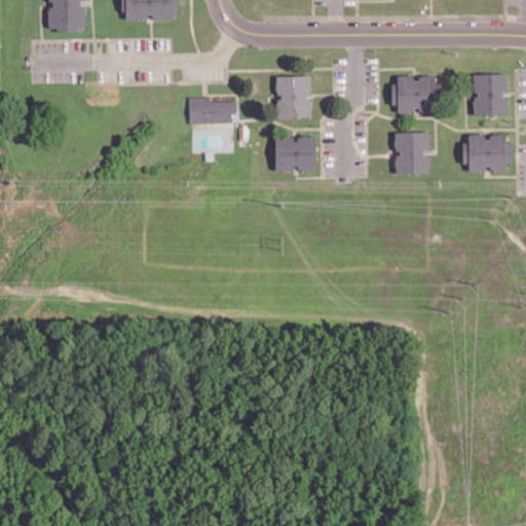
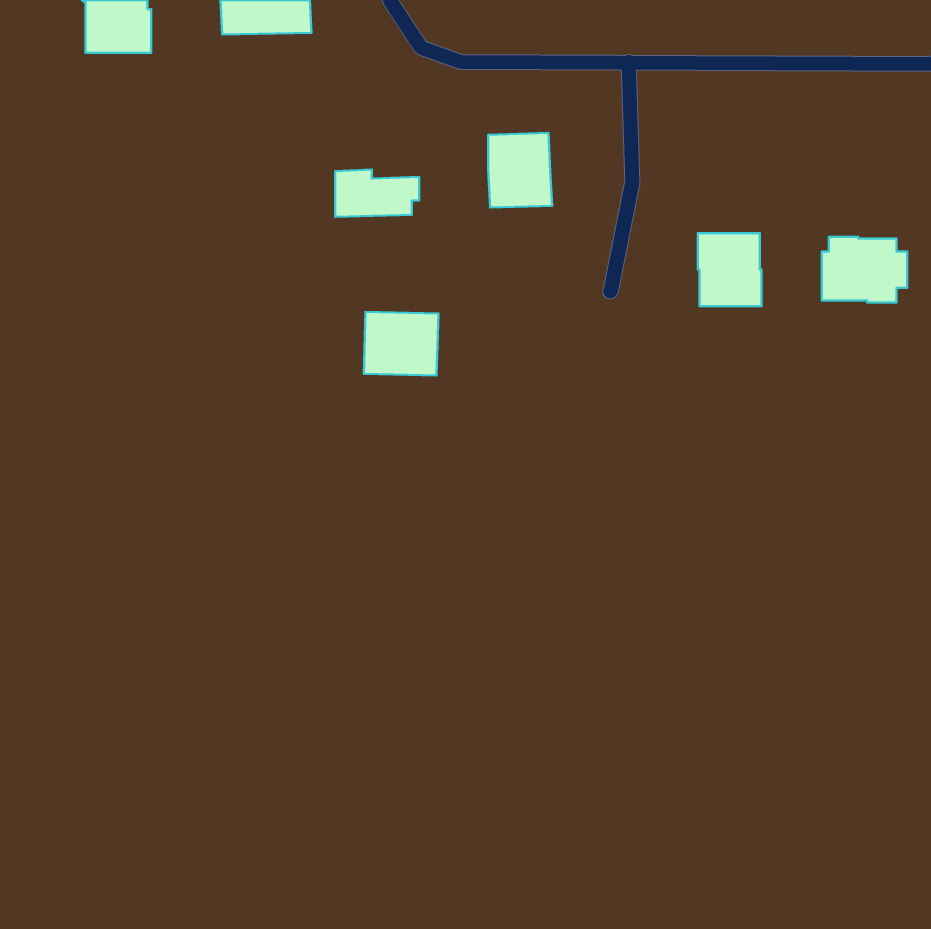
building: [472,74,508,115] -> none
building: [390,75,435,113] -> none
building: [274,136,316,172] -> [364,312,438,376]

